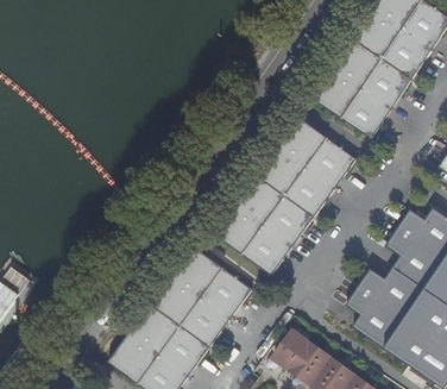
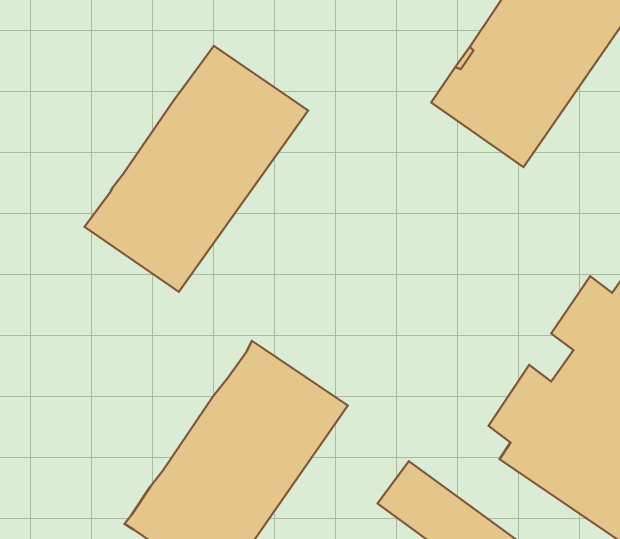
building: [212,117,355,275] -> [85,46,308,292]

